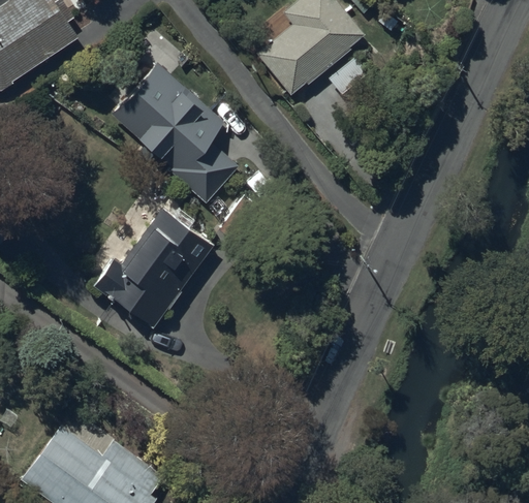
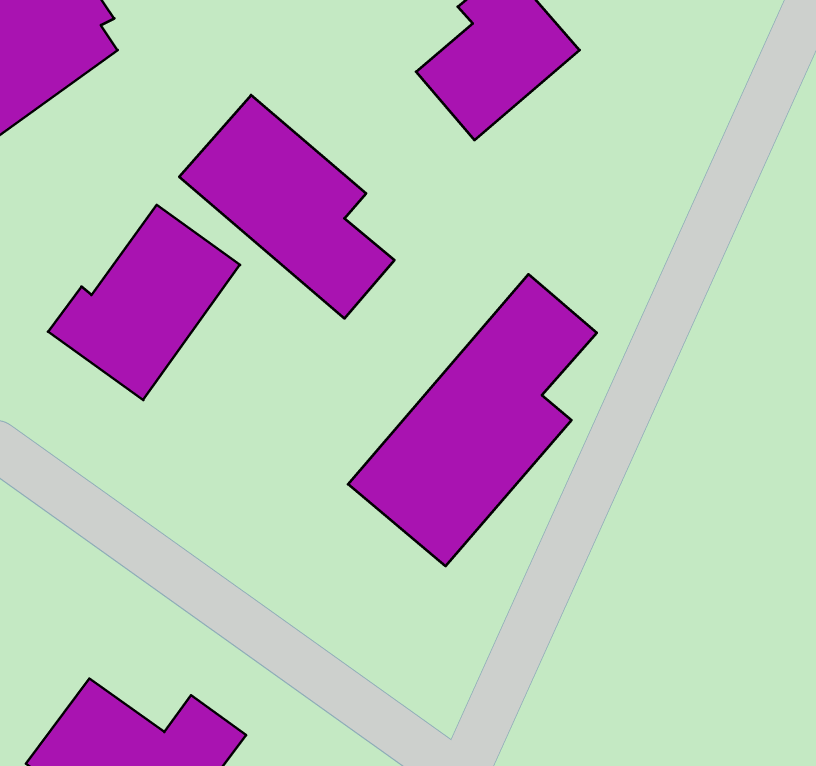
building: none -> [348,274,597,566]
building: [94,209,213,329] -> [48,205,240,400]

